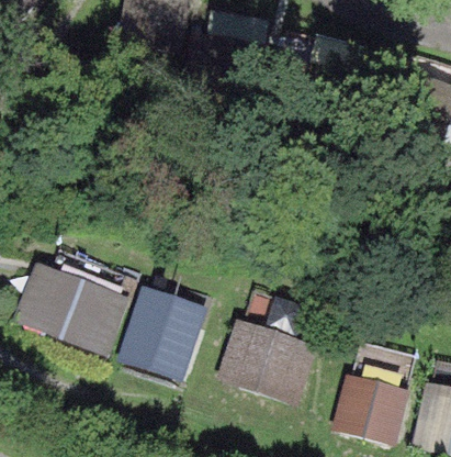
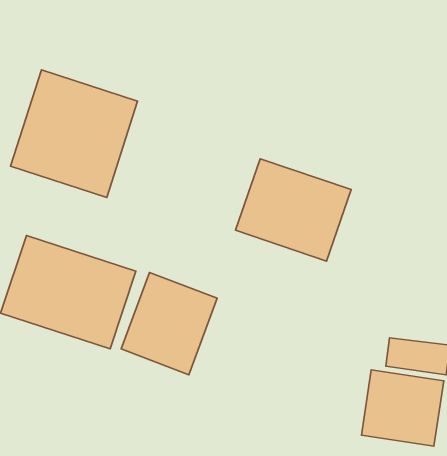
building: none -> [10,70,138,198]
building: [215,315,318,406] -> [235,159,351,261]

